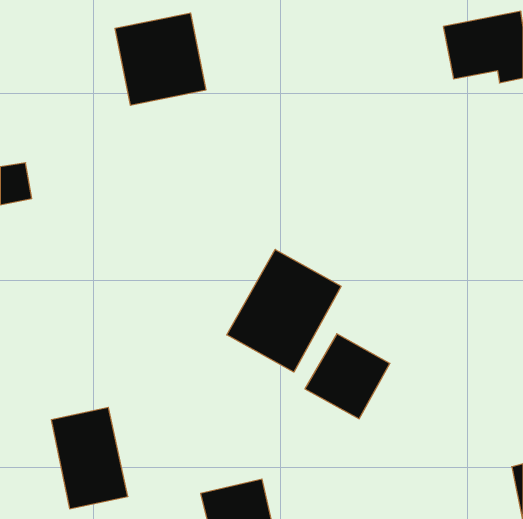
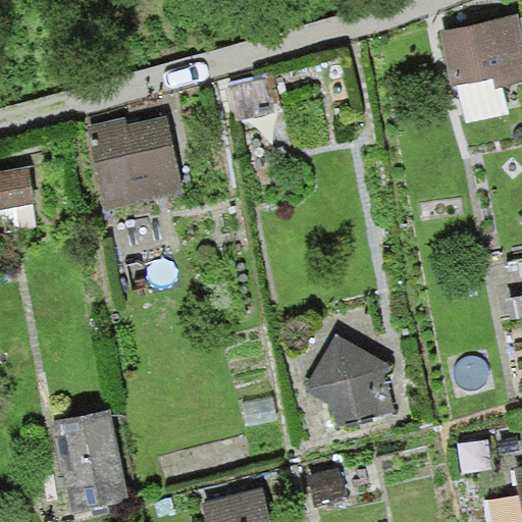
building: [115,13,206,105] -> [90,115,180,207]
building: [227,249,341,372] -> none

